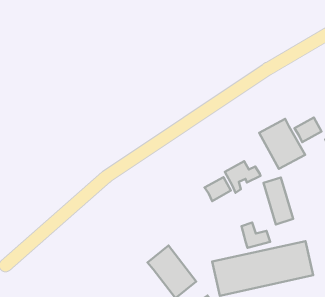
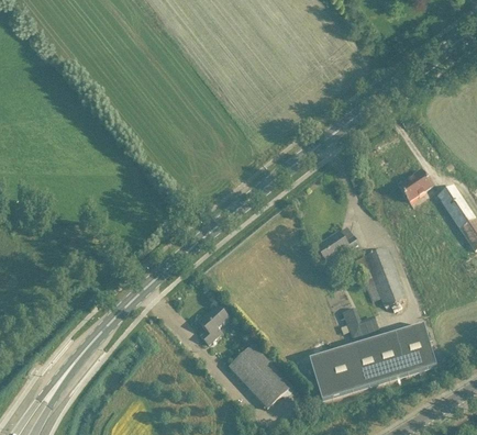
building: [259,119,305,169] -> none
building: [205,177,231,201] -> none
building: none -> [197,305,229,344]

